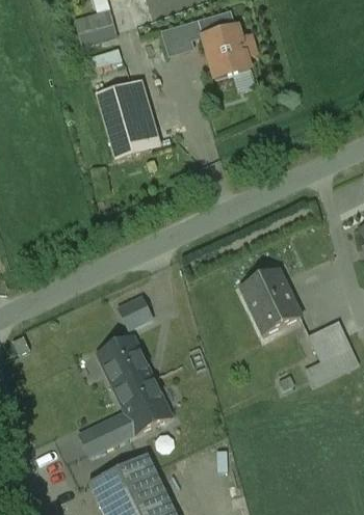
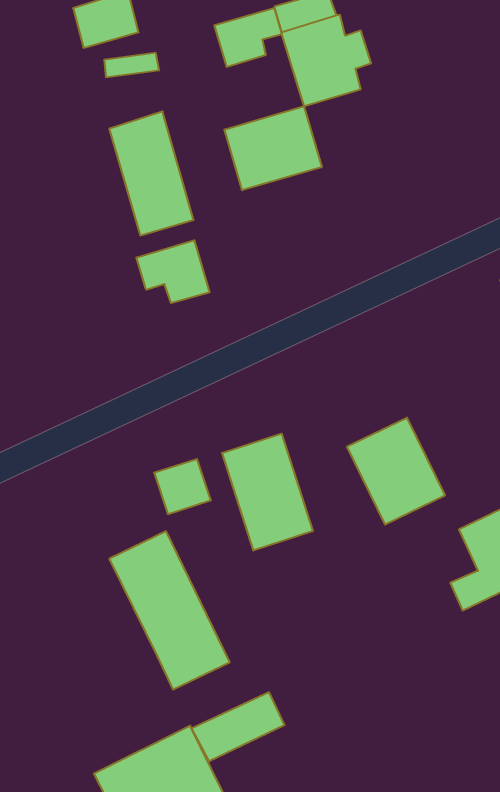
building: none -> [224,106,322,190]
building: none -> [136,240,210,303]
building: none -> [222,434,313,551]
building: [80,412,136,454] -> [191,692,285,761]

